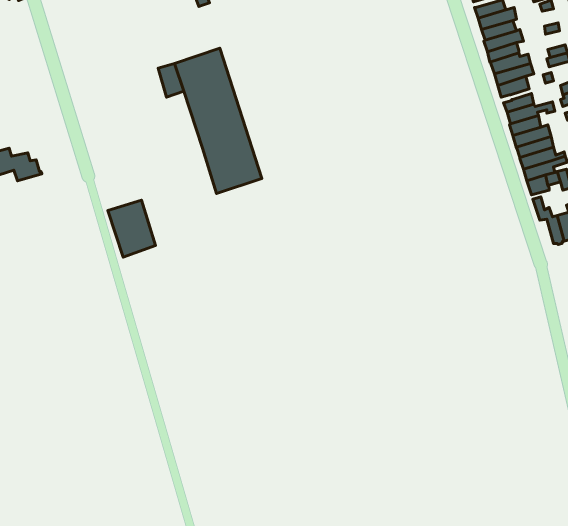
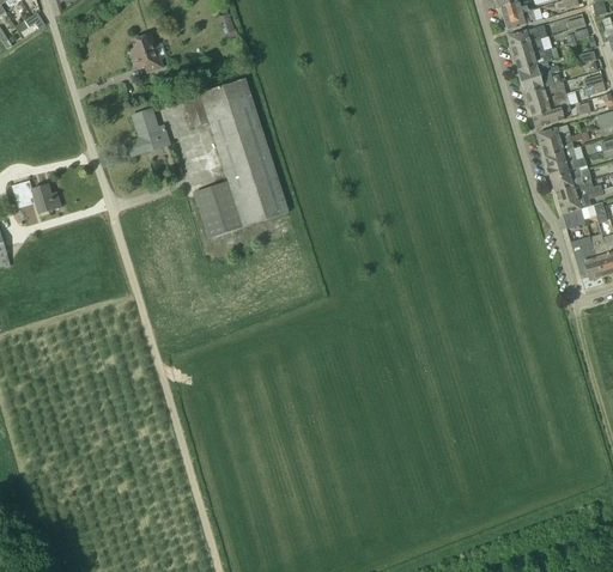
building: none -> [131,32,162,72]
building: none -> [127,108,170,153]
building: [108,200,156,257] -> [193,179,242,238]

